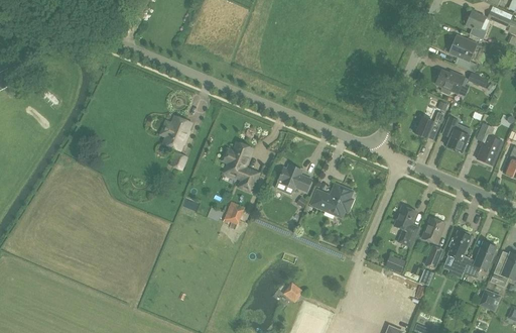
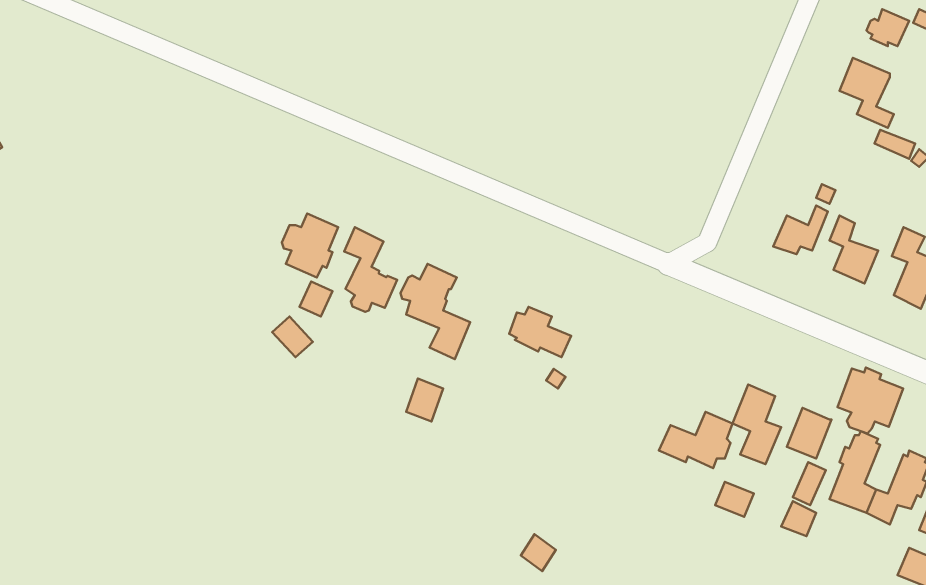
building: [436,71,465,94] -> none
building: none -> [344,227,397,312]
building: [311,184,350,213] -> [659,412,733,468]
building: none -> [838,367,903,434]

